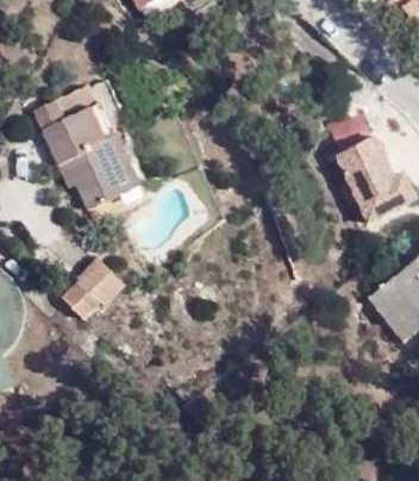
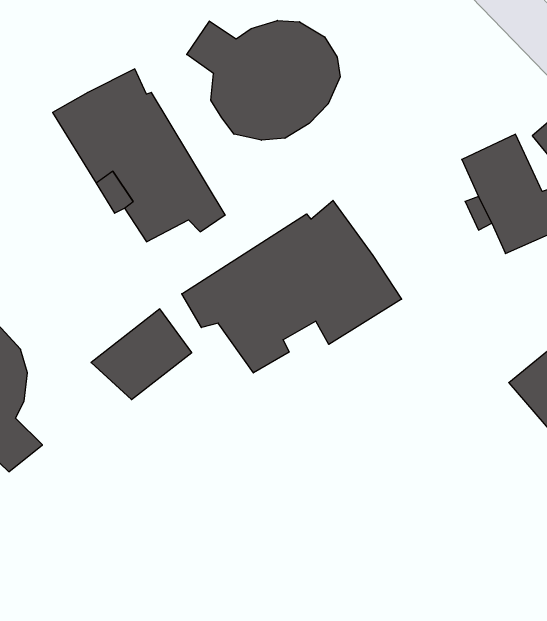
building: none -> [187,20,340,140]
building: none -> [182,200,402,373]

